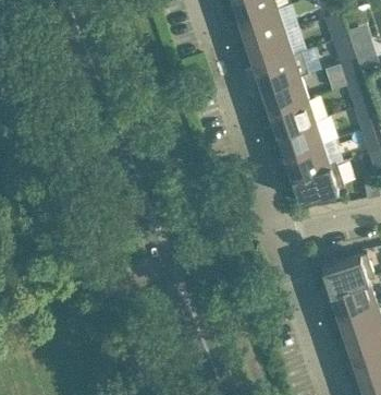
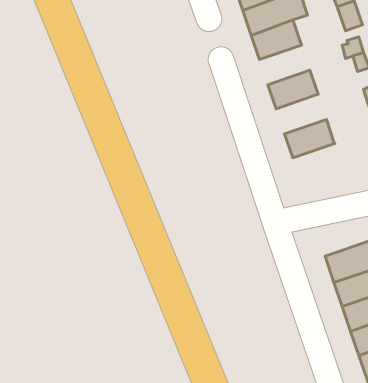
building: [262,77,308,113] -> none
building: [278,122,323,158] -> none
building: [293,164,345,203] -> none

